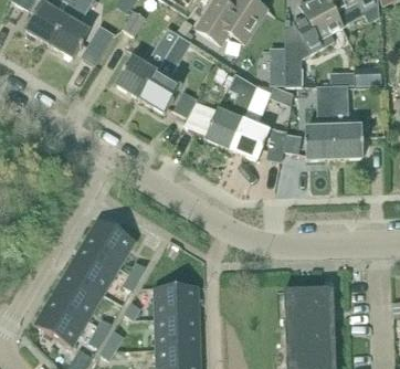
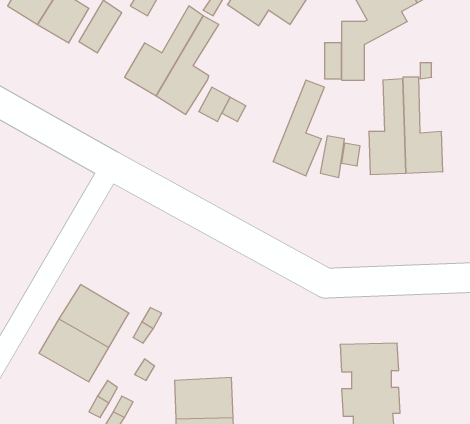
building: [206,72,256,149] -> none
building: [82,218,136,266] -> none
building: [154,285,199,318] -> none
building: [34,297,88,347] -> none

